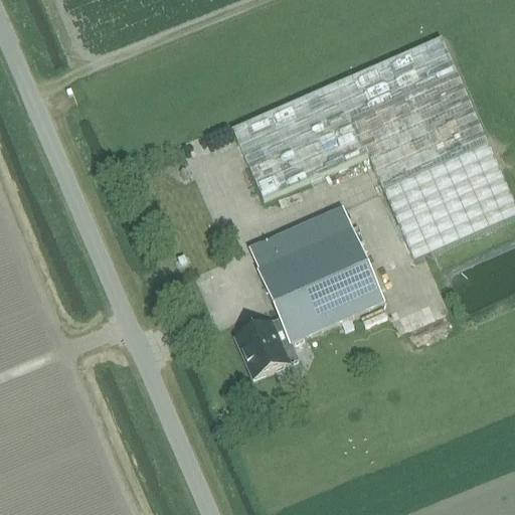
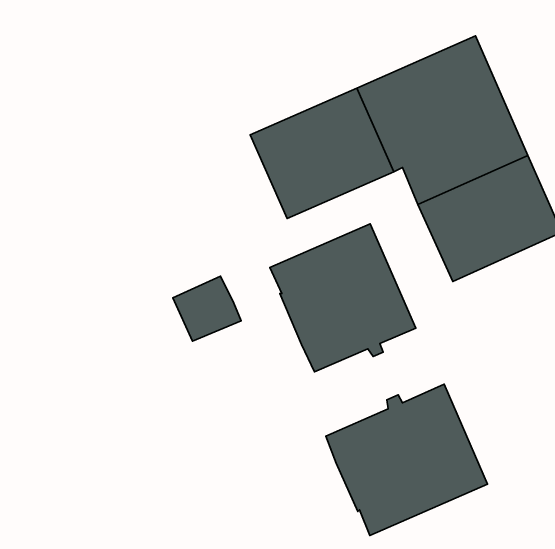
building: [235,319,299,379] -> [173,276,241,341]
building: none -> [326,384,487,535]

